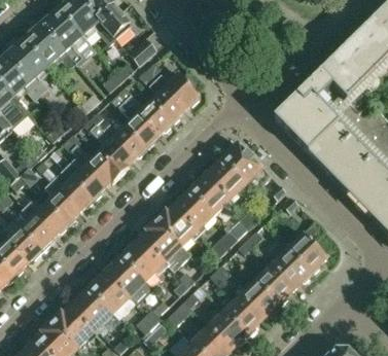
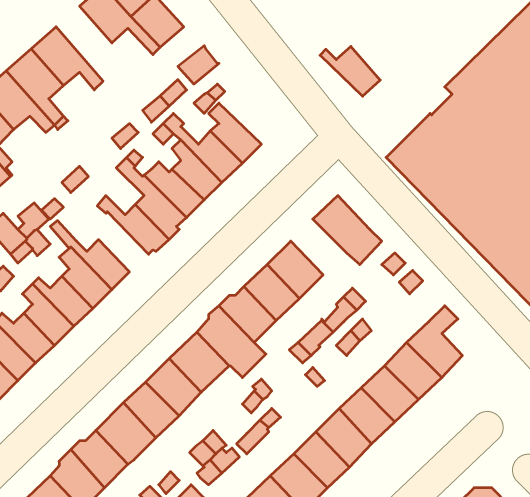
building: [42,10,90,63] -> none
building: [156,72,199,107] -> [320,46,380,96]
building: [71,154,107,197] -> none
building: [207,159,246,199] -> none

